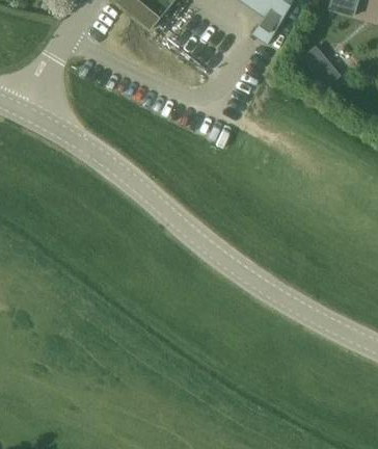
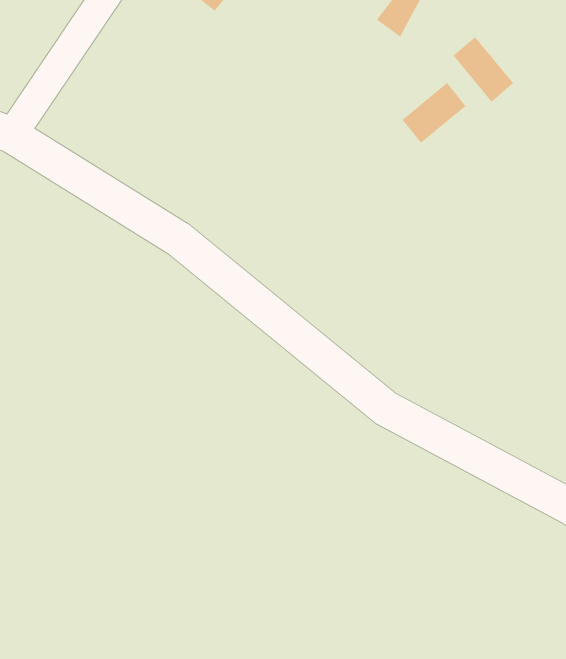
building: none -> [401,82,467,144]

